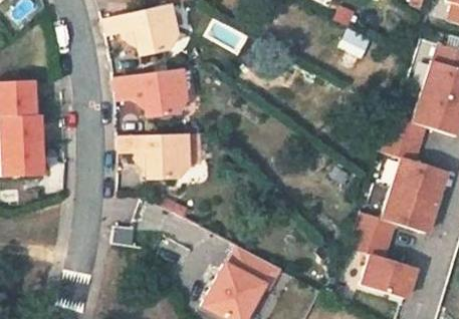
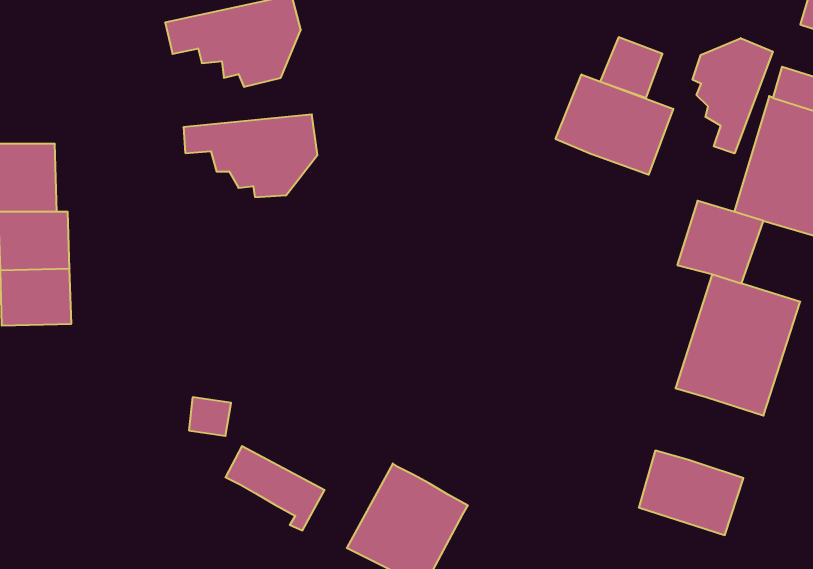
building: none -> [693,38,773,153]
building: none -> [556,74,673,175]
building: [112,132,188,177] -> none
building: [359,216,397,258] -> none
building: [228,245,282,291] -> [225,446,325,530]

